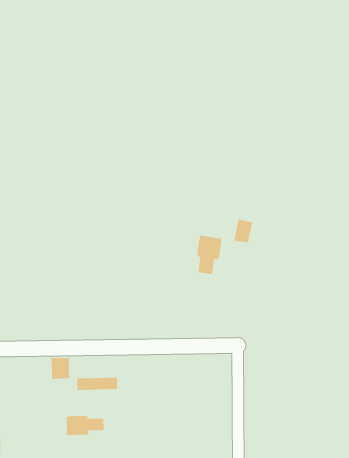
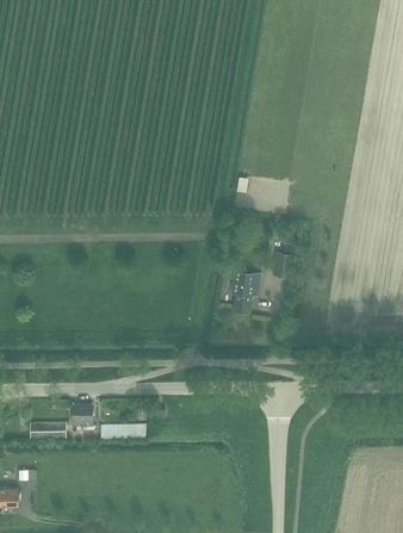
building: none -> [30,422,66,439]
building: [66,415,104,436] -> none

